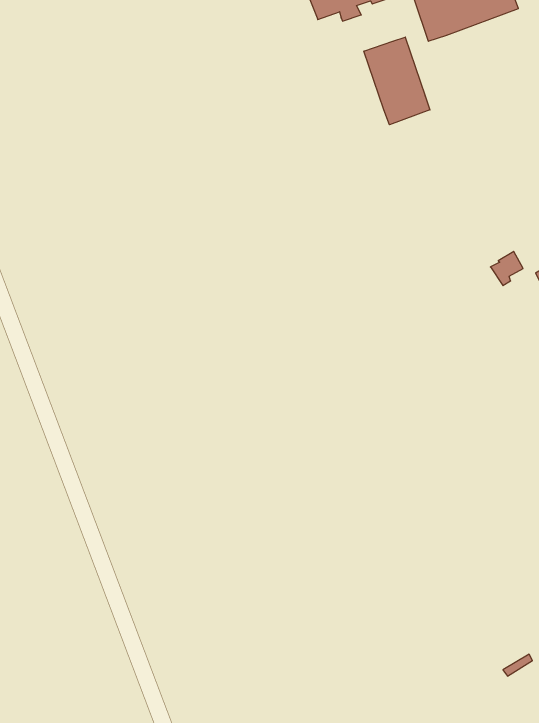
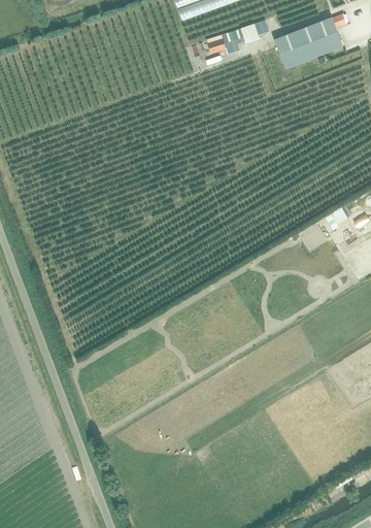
building: [364,37,430,125] -> none

